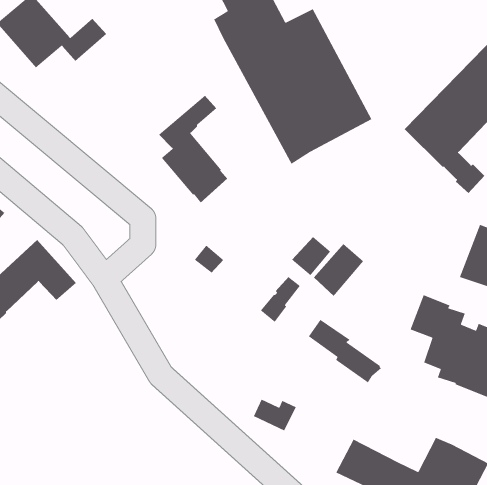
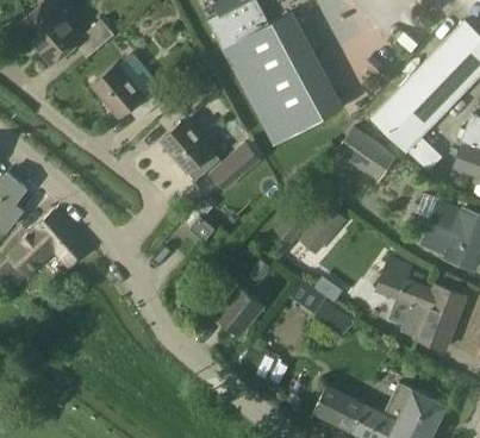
building: none -> [92,64,158,119]
building: none -> [336,127,395,182]
building: none -> [208,142,262,192]
building: none -> [214,284,264,336]

